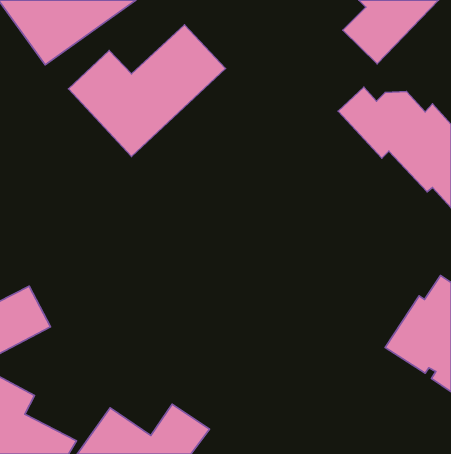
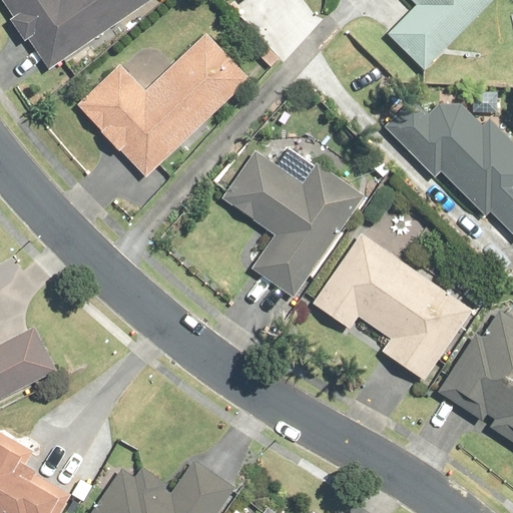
building: none -> [221,146,366,297]
building: none -> [315,233,474,379]

